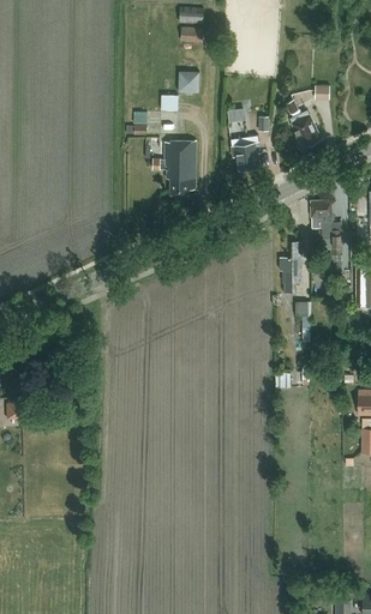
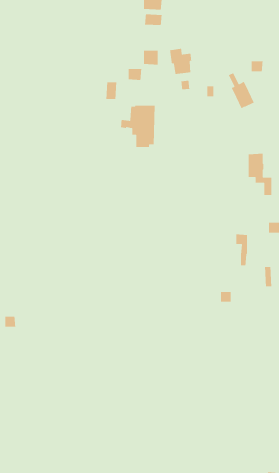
building: [231,137,259,170] -> [169,48,192,75]
building: [279,242,301,293] -> none

